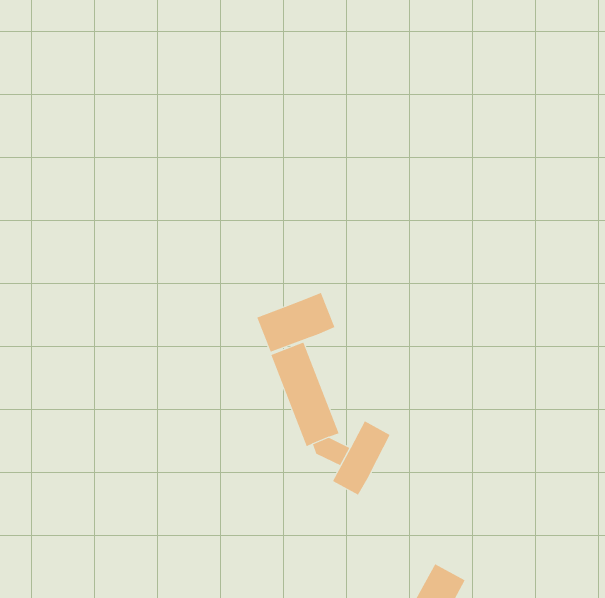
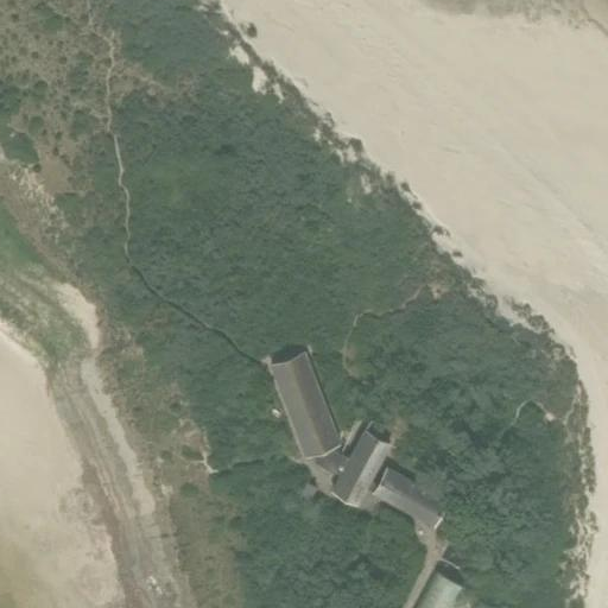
building: [256,292,335,353] -> none
building: none -> [367,468,448,526]

